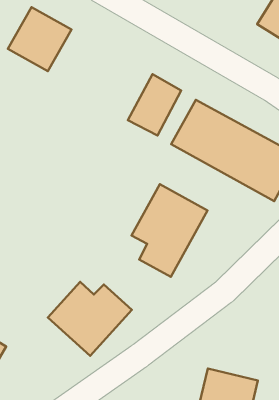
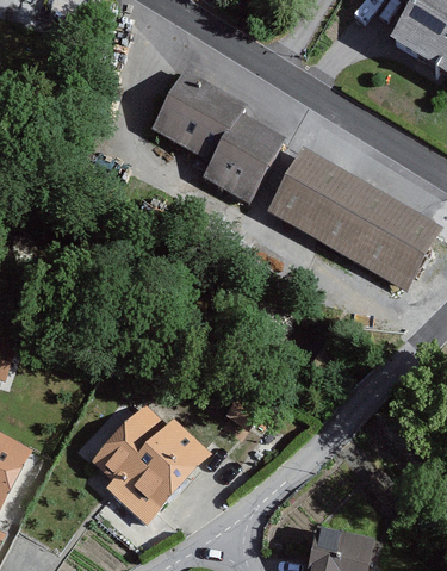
building: [8,7,72,71] -> [145,64,235,154]
building: [131,184,207,277] -> none

